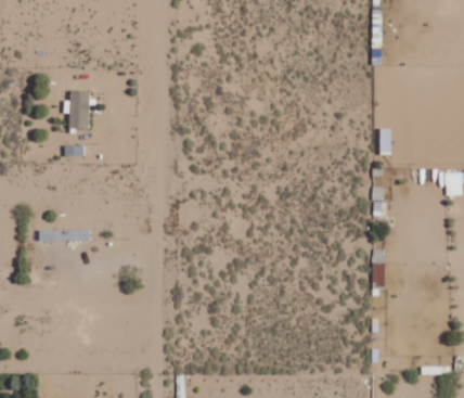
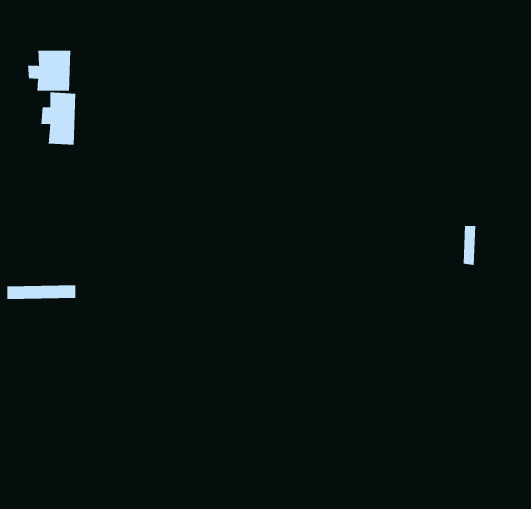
building: none -> [28,50,71,91]

